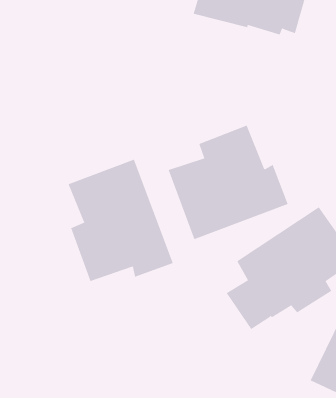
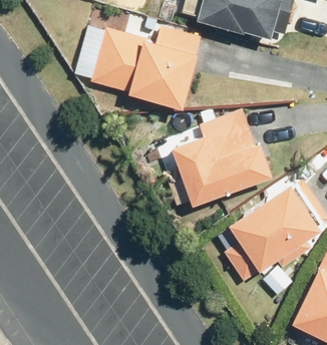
building: none -> [88,26,199,109]
building: [68,159,173,282] -> none

